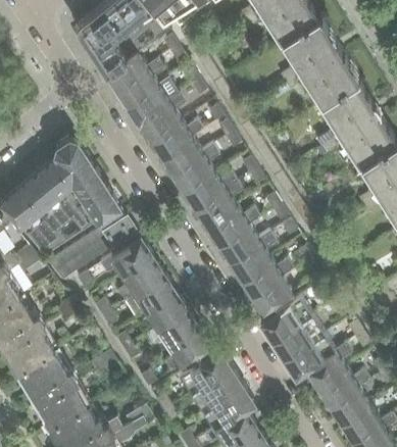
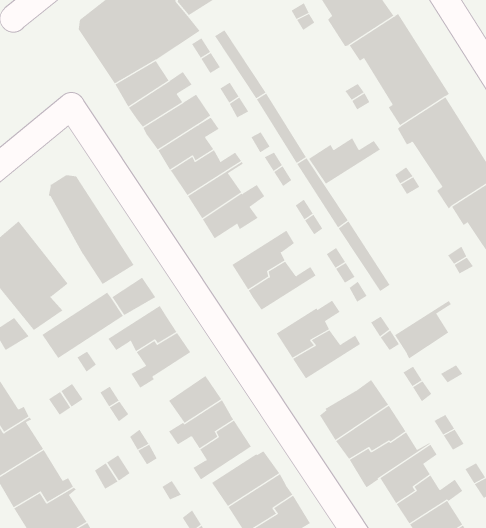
building: [33,157,96,234] -> none
building: [181,173,236,209] -> [308,137,381,184]
building: [216,217,260,261] -> none
building: [250,269,294,314] -> [394,300,452,359]
building: [125,276,175,318] -> none

